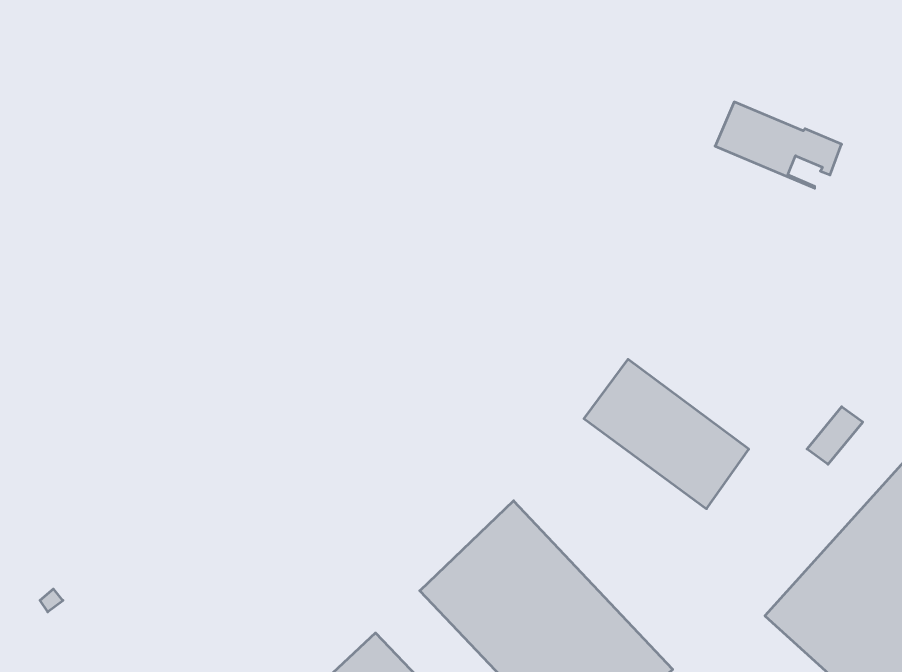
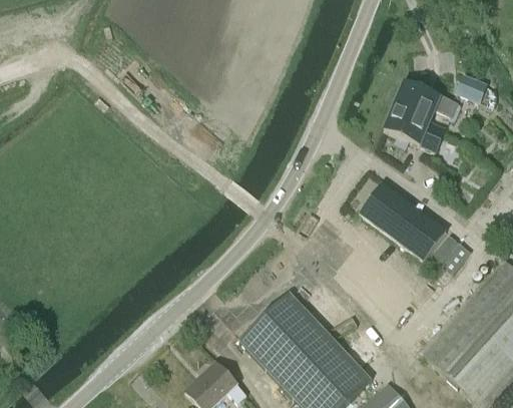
building: none -> [455,74,487,103]
building: none -> [384,106,446,152]
building: [584,359,749,509] -> [360,182,446,261]

